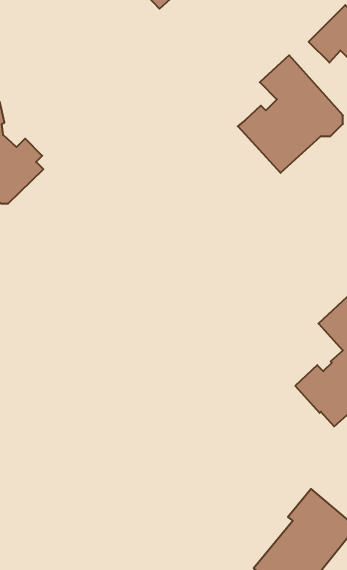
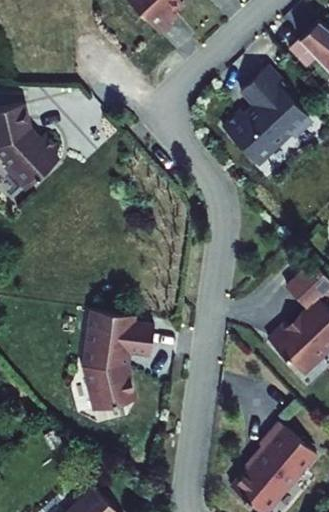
building: none -> [88,309,157,410]

